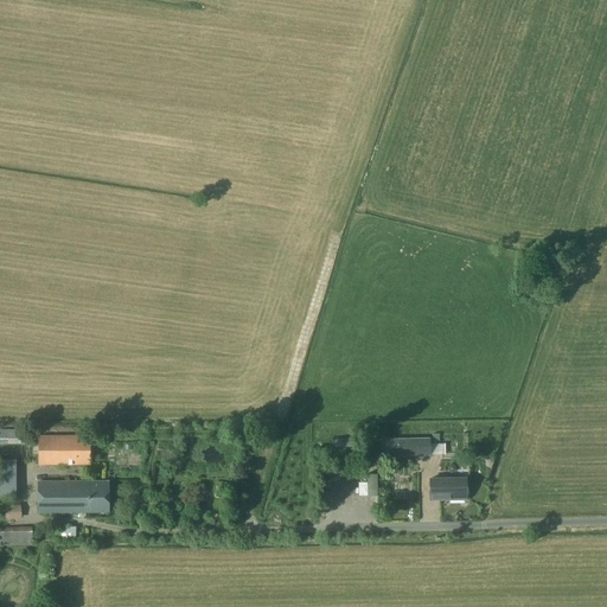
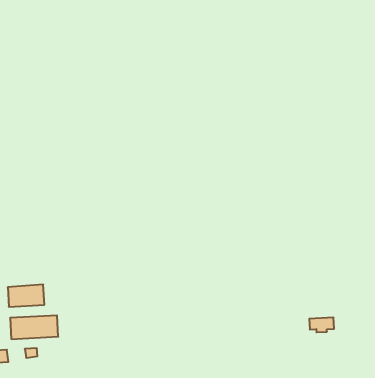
building: [385,437,430,455] -> none
building: [430,478,466,498] -> [309,318,334,332]

